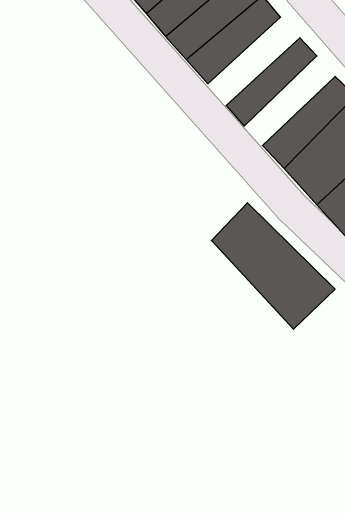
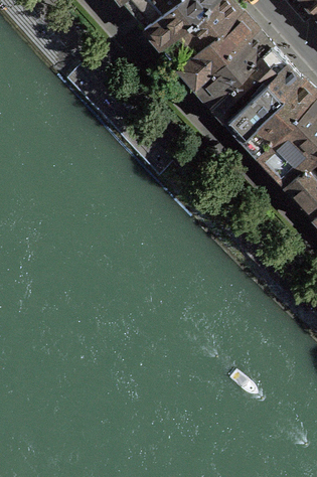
building: none -> [196,33,273,107]
building: none -> [226,65,302,140]
building: [211,203,335,329] -> none

